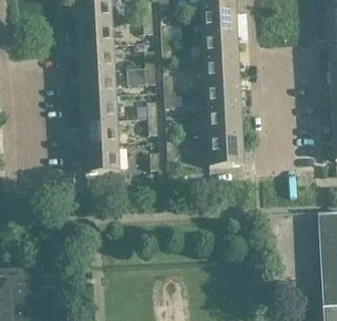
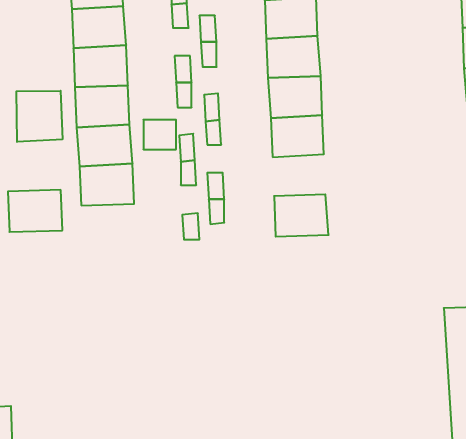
building: none -> [16,91,62,142]
building: [207,111,241,138] -> none
building: [83,143,118,171] -> [8,190,62,232]

